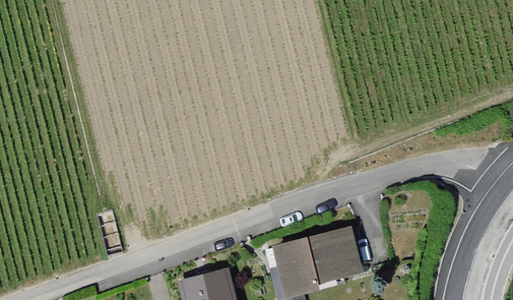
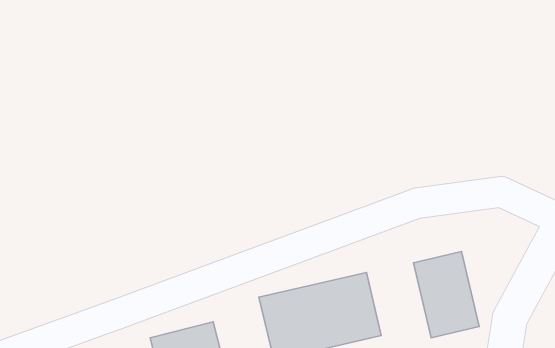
building: none -> [413,252,479,338]

